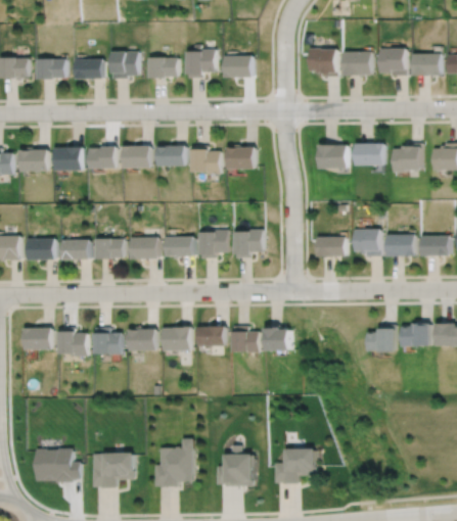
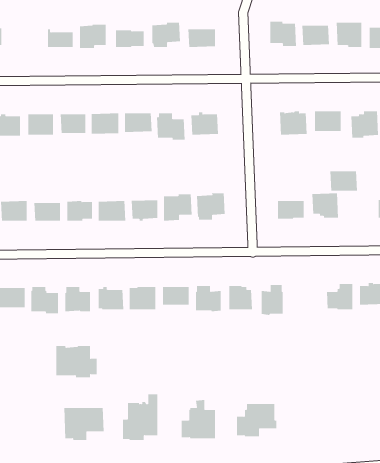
building: [36,56,65,77] -> none
building: [385,234,415,255] -> [329,171,358,191]
building: none -> [261,284,283,316]
building: [36,448,80,482] -> [56,346,98,378]

